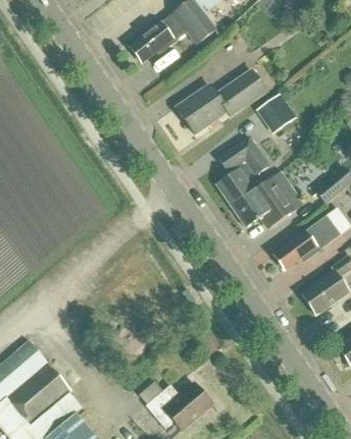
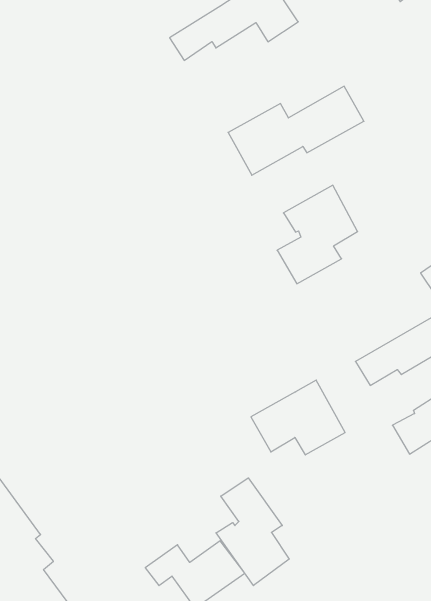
building: [256,95,297,135] -> none
building: [231,176,295,227] -> [251,380,345,455]
building: none -> [216,478,289,586]

